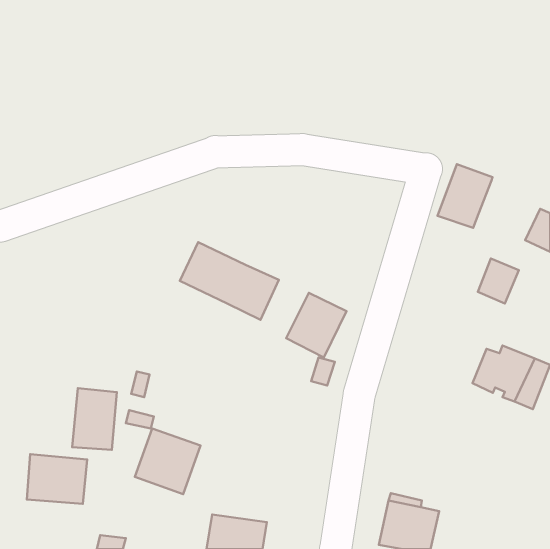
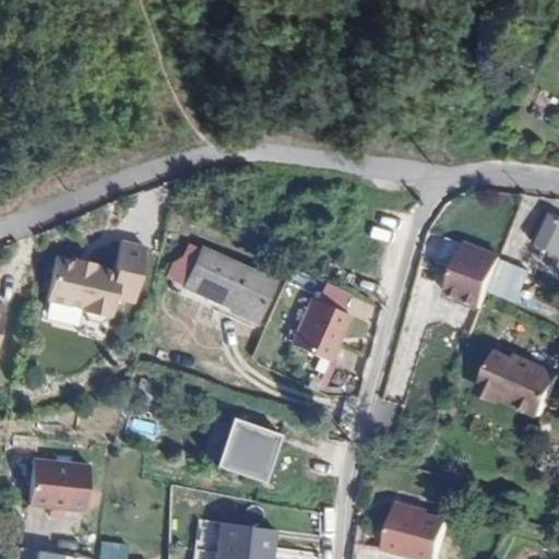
building: [438,164,492,228] -> [443,246,499,310]
building: none -> [36,238,143,320]
building: [72,388,117,450] -> none
building: [135,428,200,494] -> [212,416,278,483]

